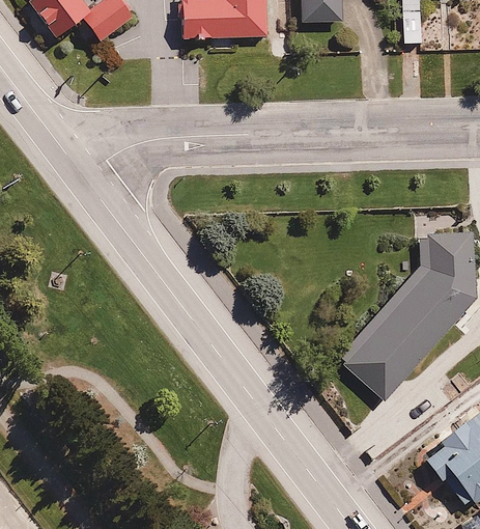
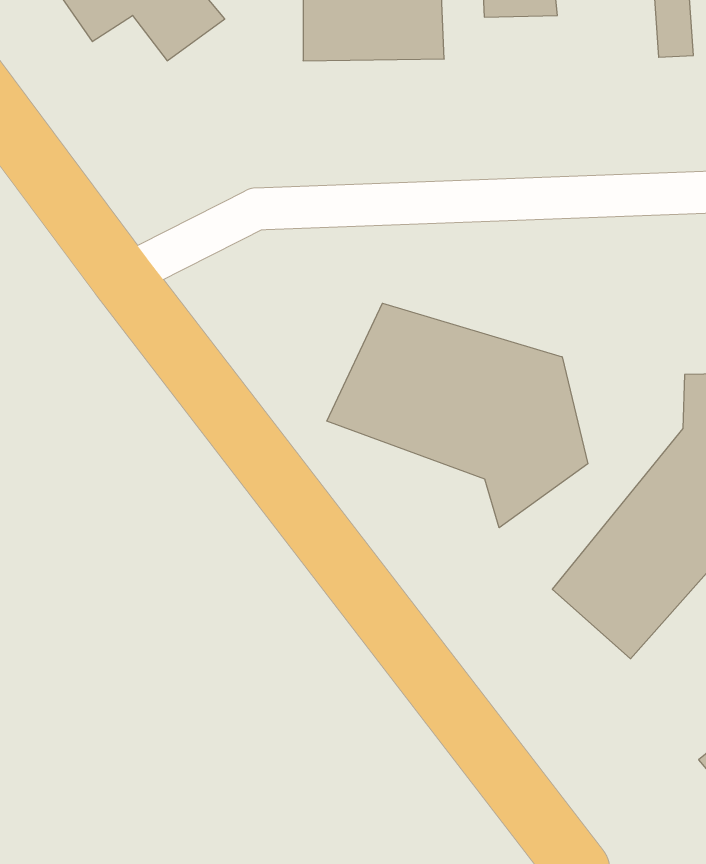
building: none -> [327,303,588,528]

